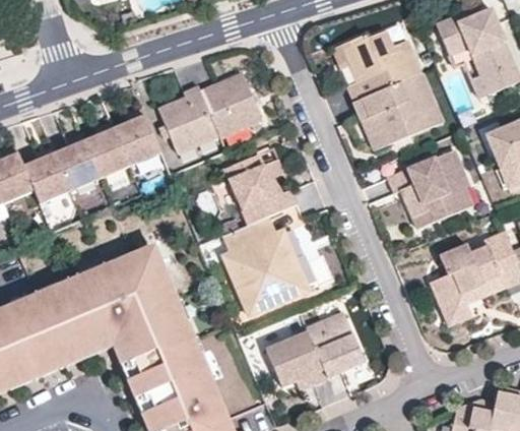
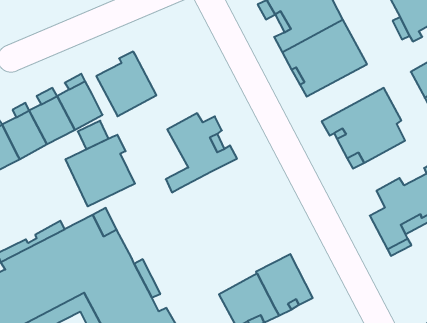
building: [199,73,261,137] -> none
building: none -> [66,135,135,206]
building: [224,219,310,316] -> none

